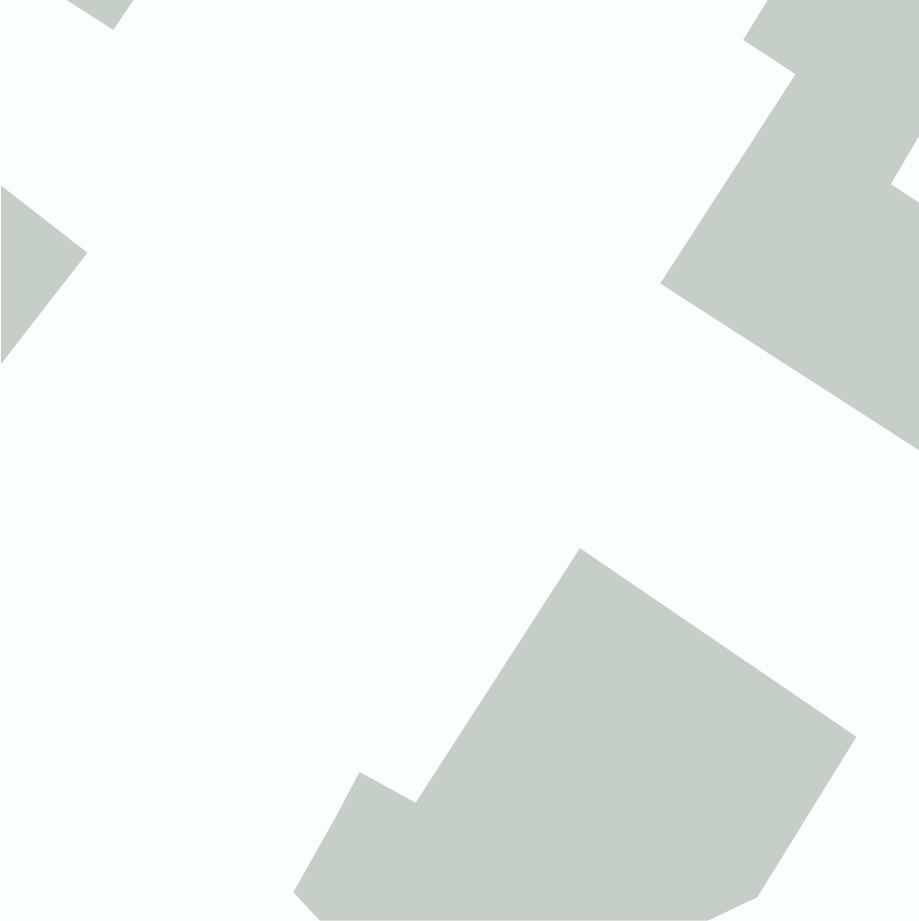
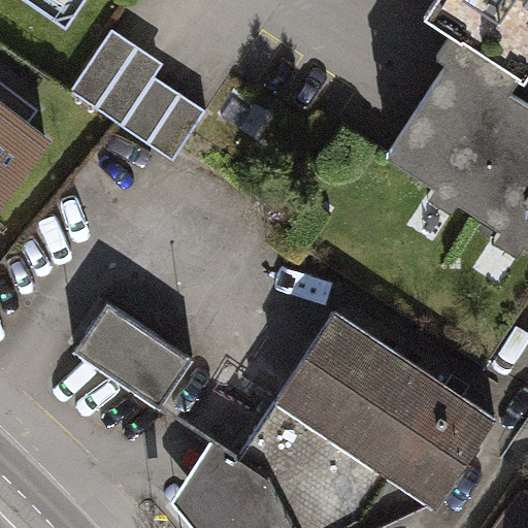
building: none -> [75,32,209,161]
building: none -> [73,304,191,408]

